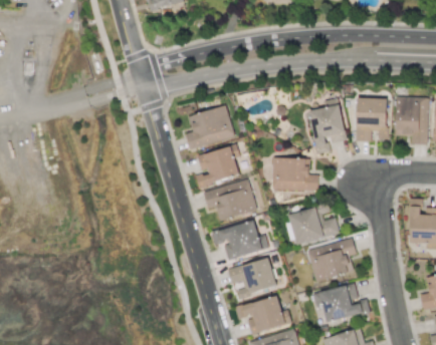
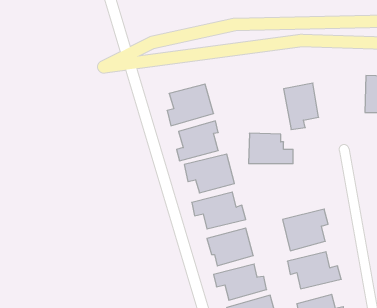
building: [356,97,388,141] -> none
building: [289,206,340,245] -> none

